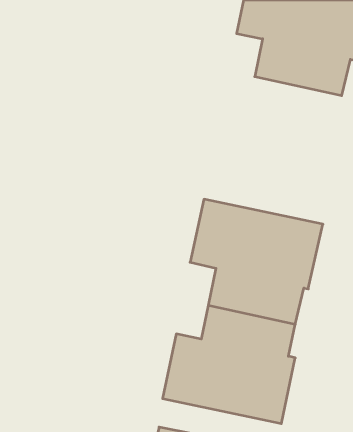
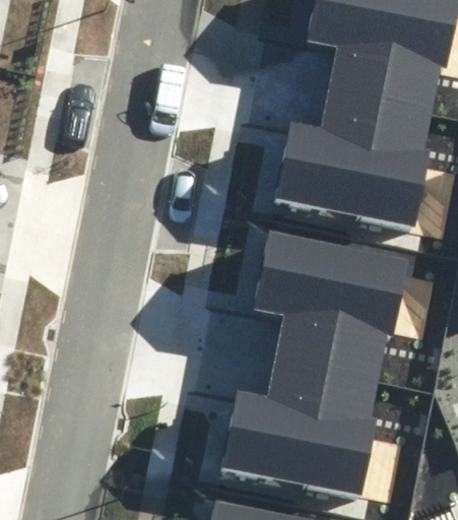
building: none -> [274,90,431,230]

